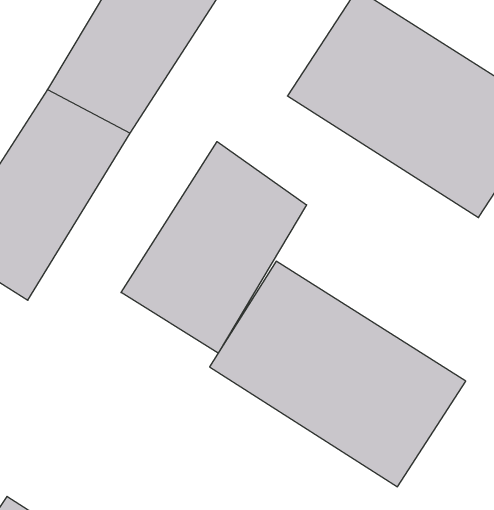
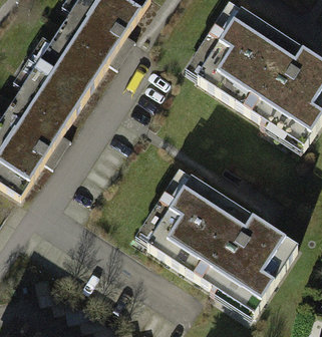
building: [121,142,307,353] -> none

